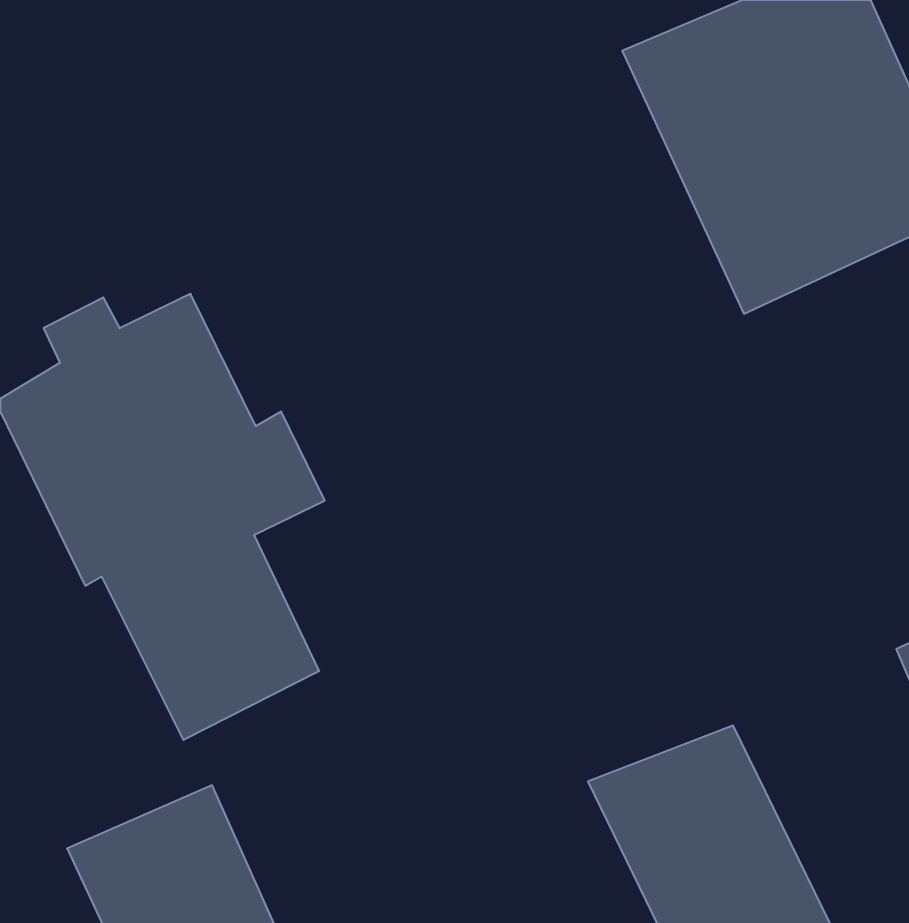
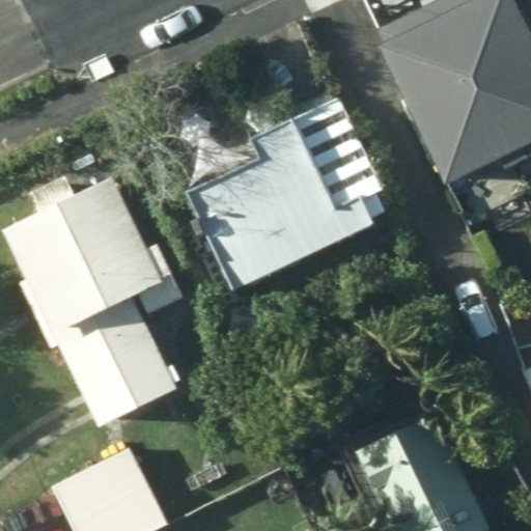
building: none -> [178,99,382,292]

